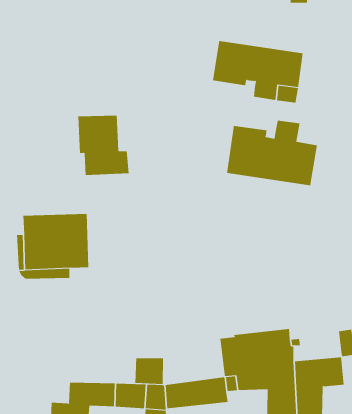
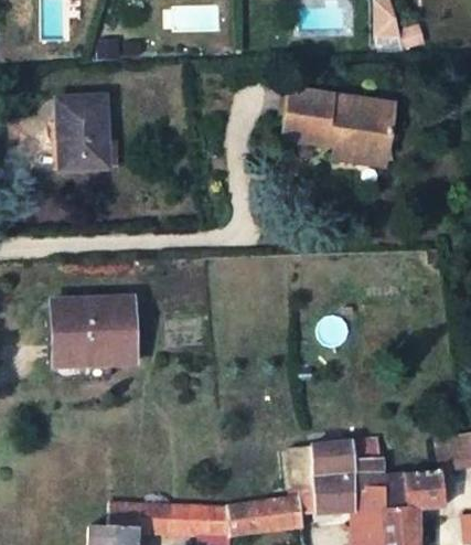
building: [77,115,129,175] -> [57,96,120,169]
building: [227,120,318,186] -> none
building: [135,357,163,385] -> none

